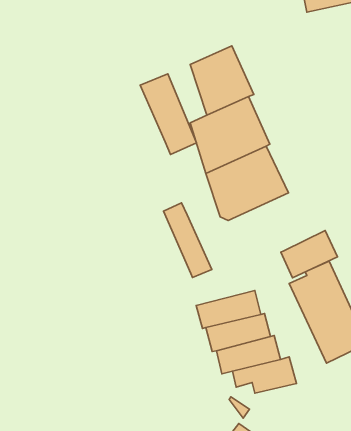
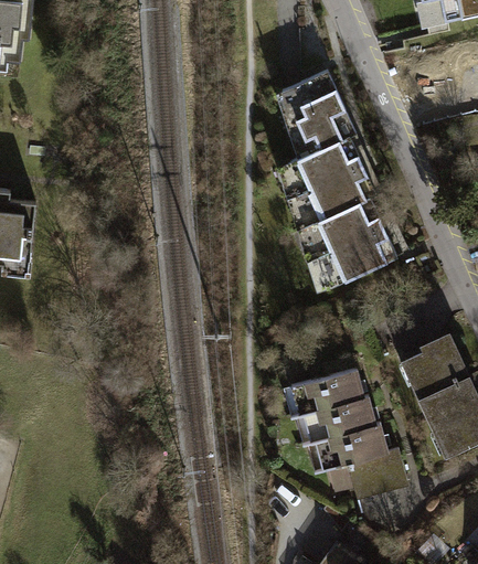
building: [140,74,196,155] -> none
building: [163,203,212,278] -> none
building: [281,230,337,278] -> none

